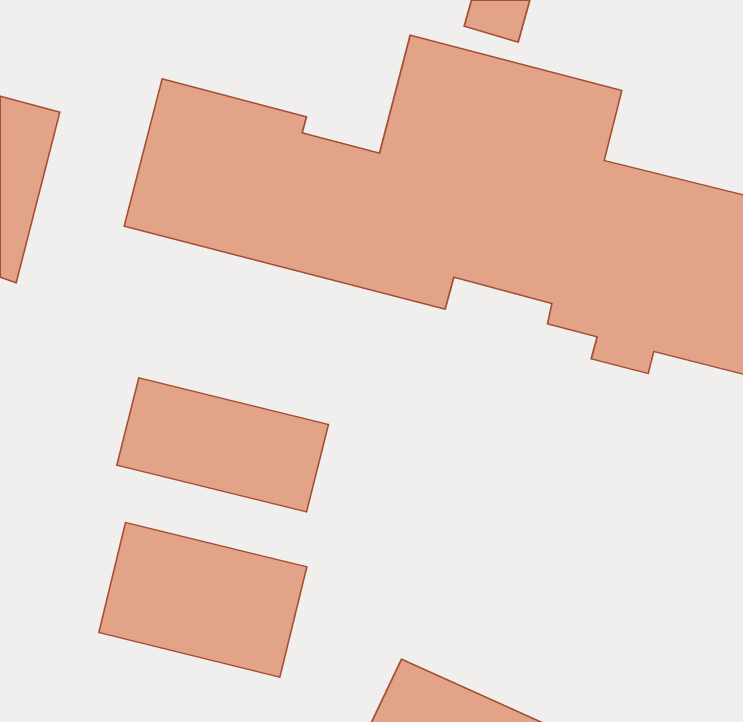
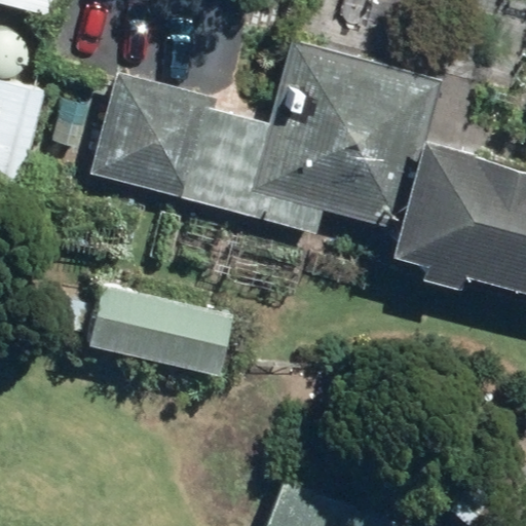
building: [99,522,307,677] -> none

